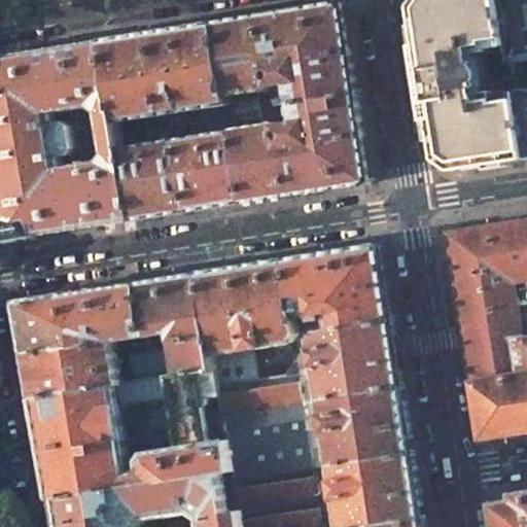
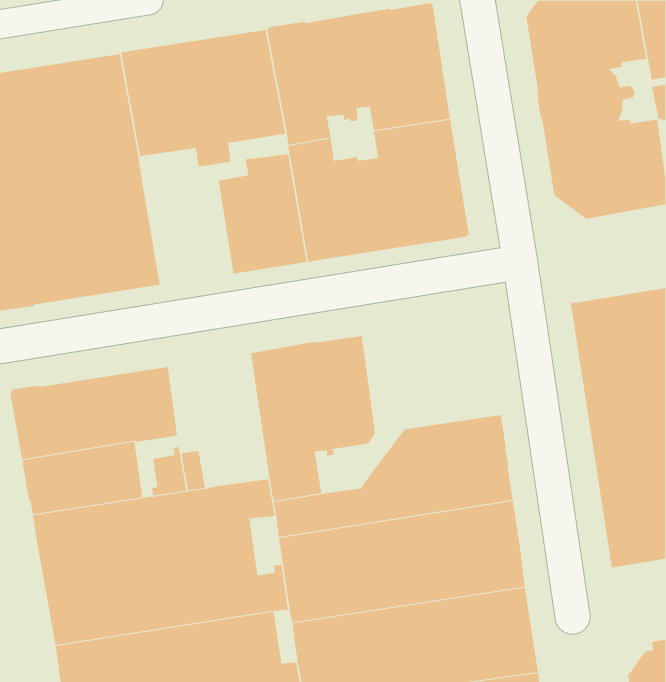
building: [109,130,179,220] -> none
building: [279,244,386,362] -> none
building: [130,273,207,375] -> none

